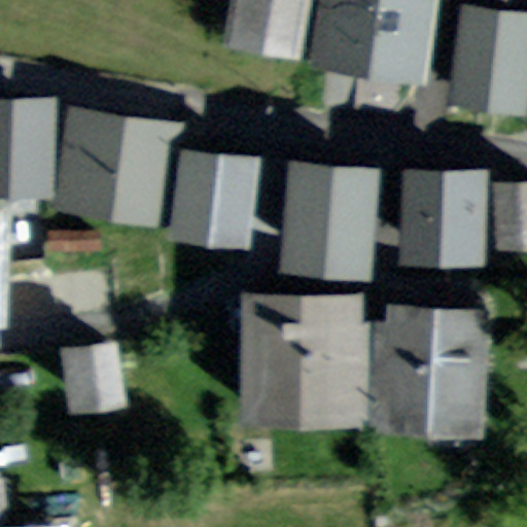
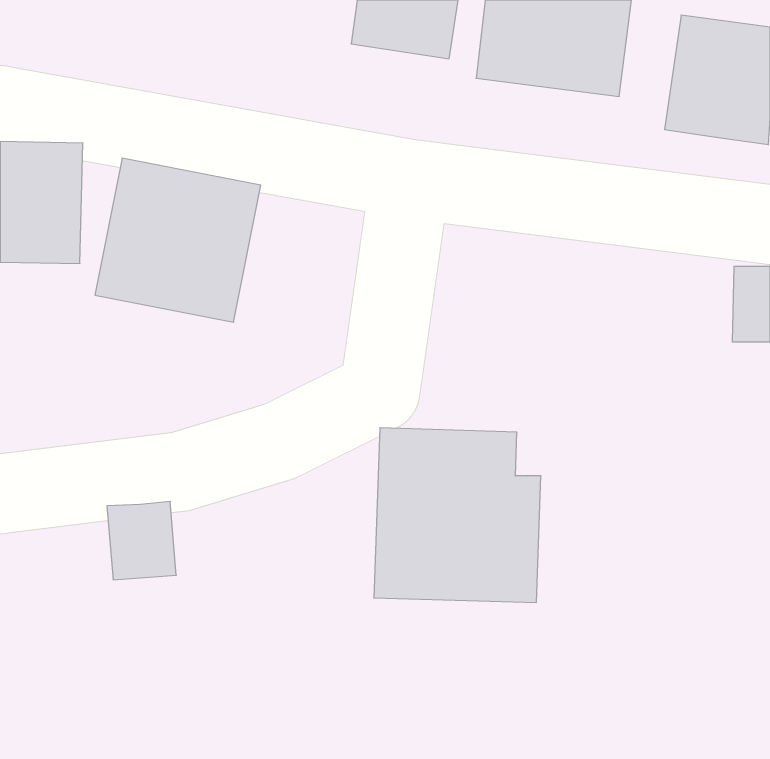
building: [179,157,252,241] -> none
building: [288,171,373,265] -> none
building: [413,181,480,253] -> none
building: [384,315,480,427] -> none

